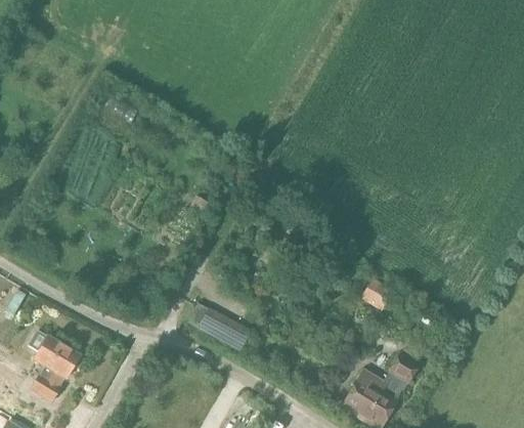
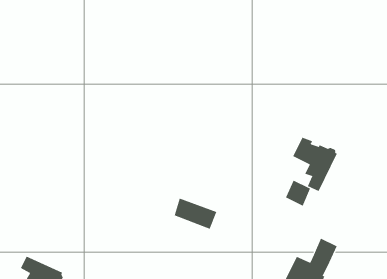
building: none -> [292,137,338,192]
building: [198,306,251,349] -> [174,198,217,230]

